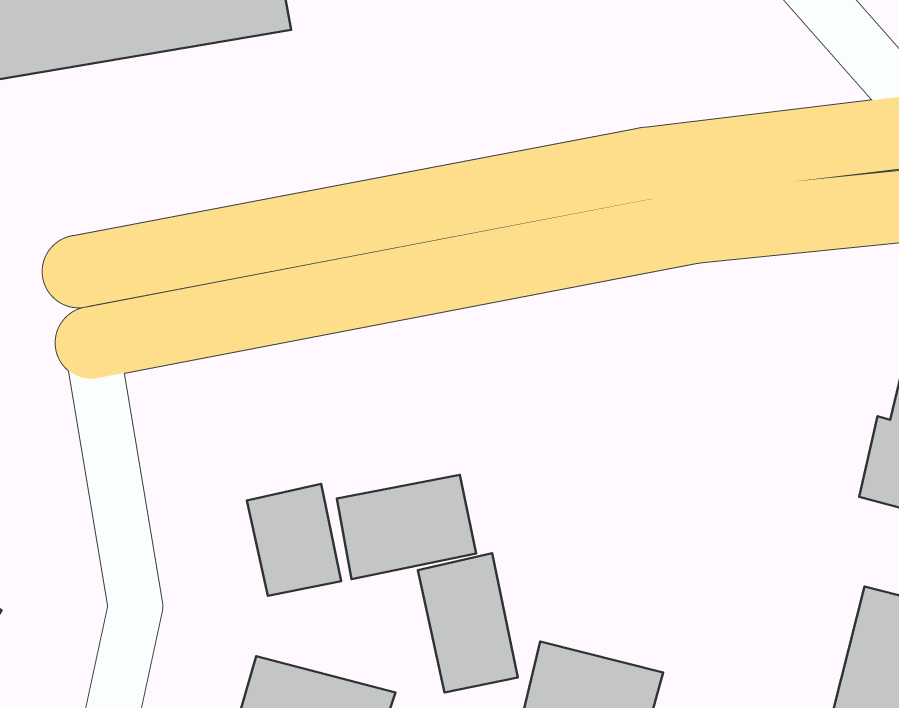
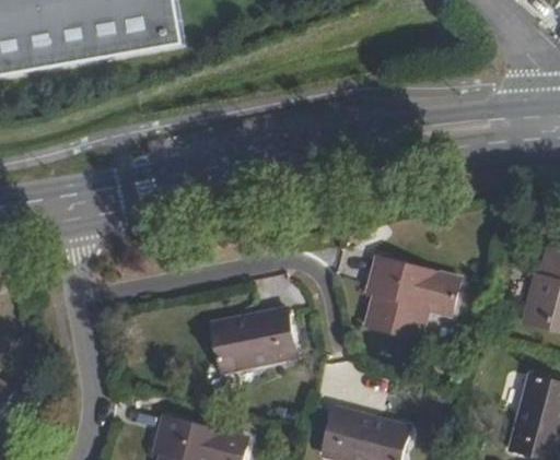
building: none -> [365,258,458,339]
building: [247,484,341,596] -> none
building: [418,553,518,692] -> none

